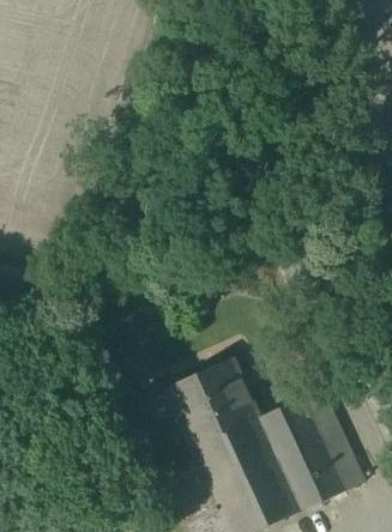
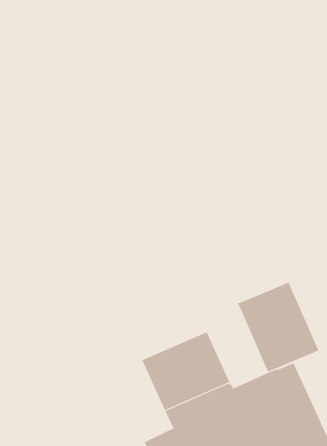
building: none -> [238,282,319,372]

